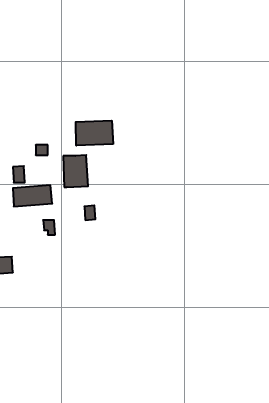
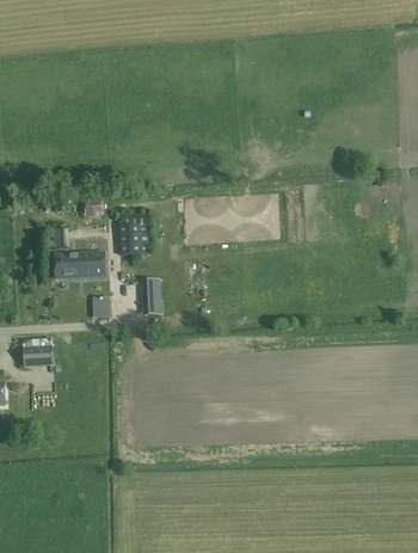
building: [76,121,113,146] -> none

